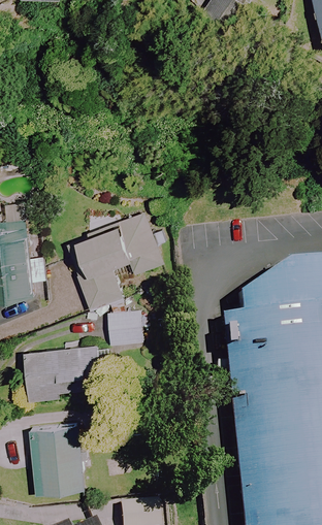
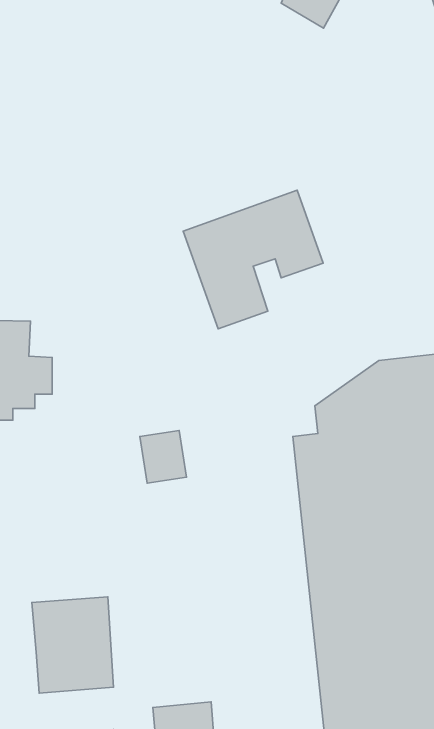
building: [68,214,167,311] -> [183,190,323,329]
building: [29,347,99,396] -> none

